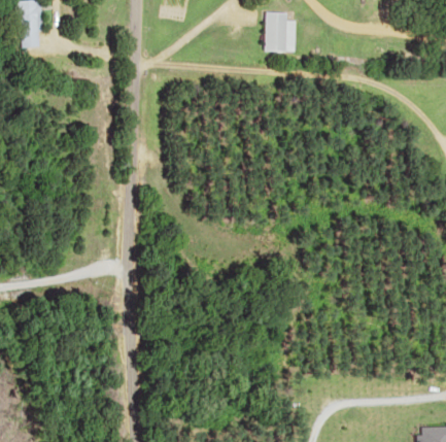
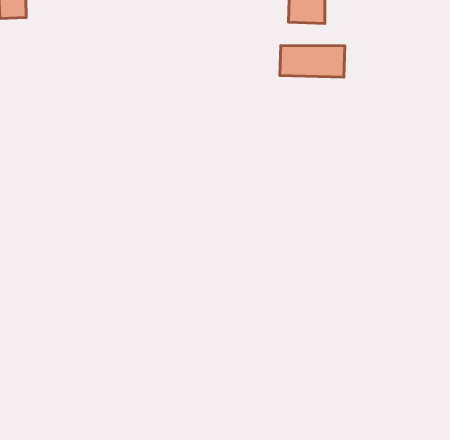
building: none -> [280,46,345,77]

